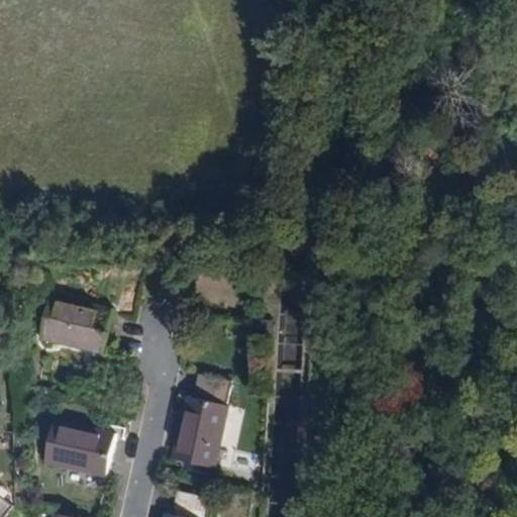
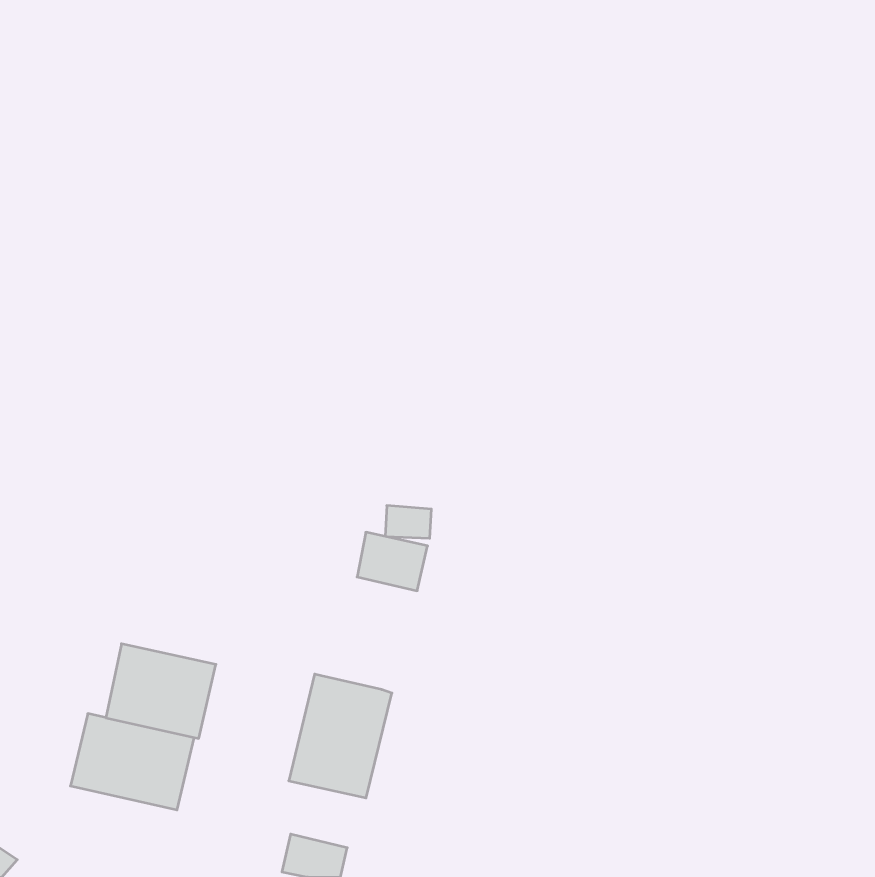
building: [41,300,106,355] -> [106,644,216,738]
building: [189,371,230,405] -> [357,532,428,591]

